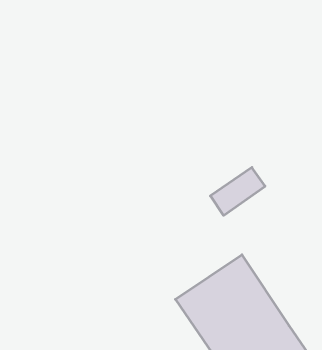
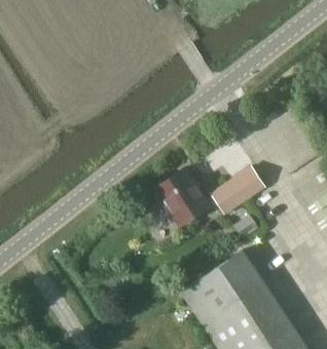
building: none -> [153,168,210,228]

